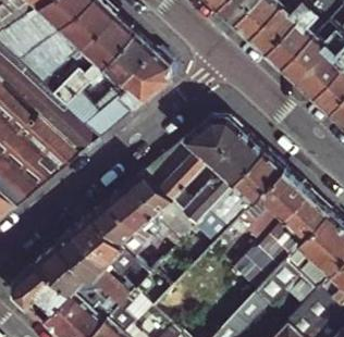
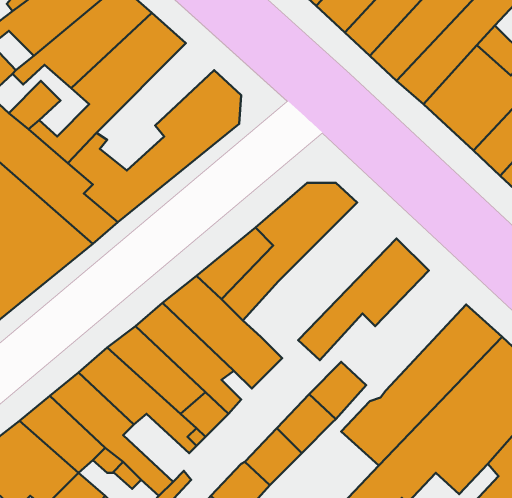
building: [81,32,152,92] -> none
building: [181,128,263,223] -> none
building: [238,170,306,242] -> none

